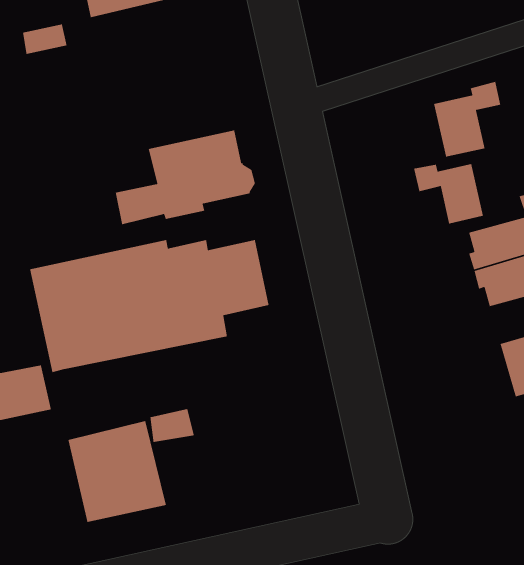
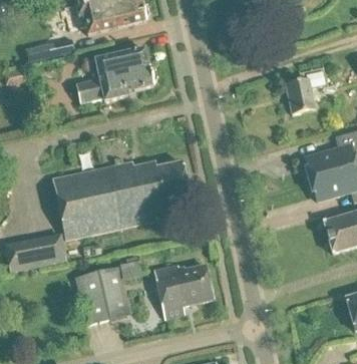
building: [115,129,256,225] -> [75,48,156,103]
building: [413,163,484,224] -> none
building: none -> [153,265,213,318]

